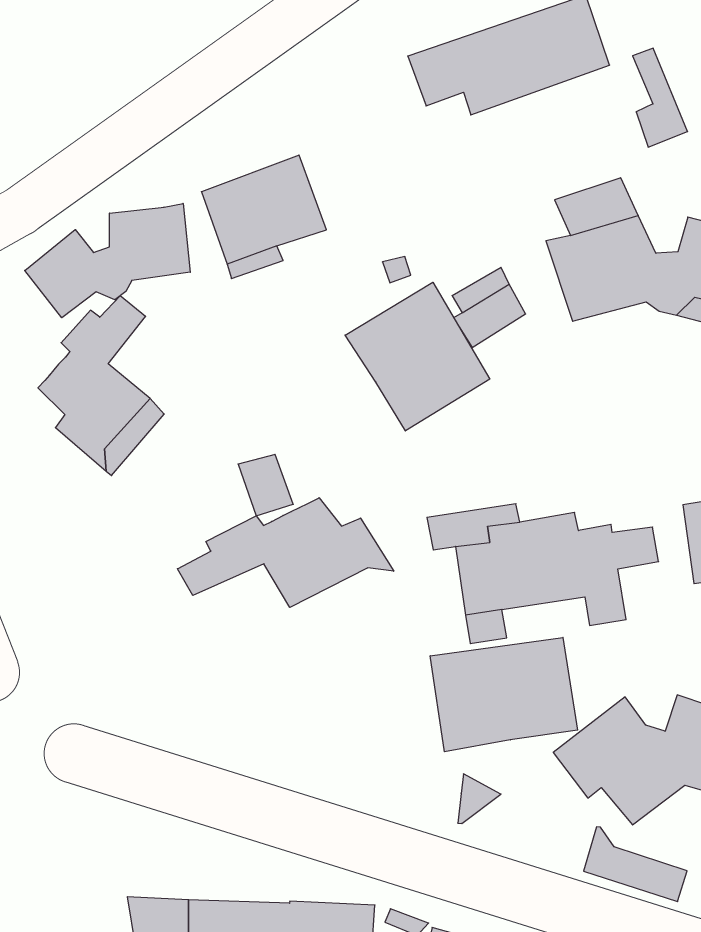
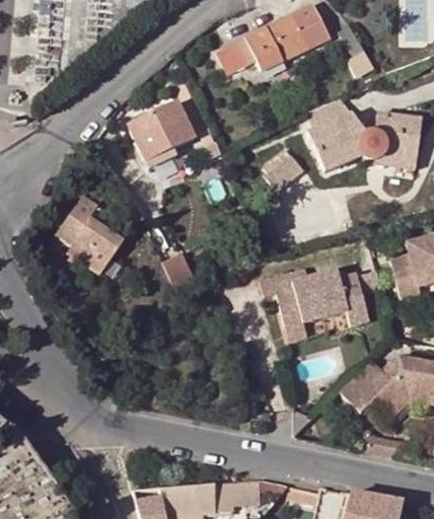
building: [25,203,190,318] -> none
building: [345,282,490,431] -> none
building: [177,498,394,607] -> none
building: [430,637,578,752] -> none

